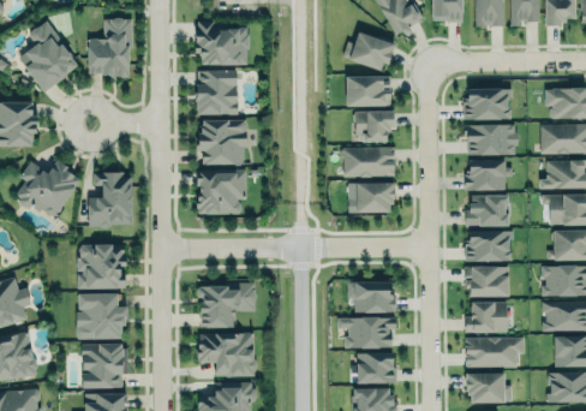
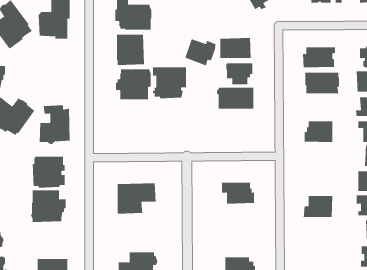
building: [348,32,394,72] -> [185,38,217,66]
building: [462,160,508,191] -> none
building: [197,169,246,215] -> [152,67,187,99]
building: [354,183,394,214] -> none
building: [464,231,512,261] -> none
building: [465,267,508,297] -> none
building: [336,317,394,349] -> none
building: [197,333,257,376] -> none
building: [464,338,522,367] -> none
building: [83,344,127,388] -> none
building: [357,353,396,383] -> none
building: [466,373,510,403] -> none

